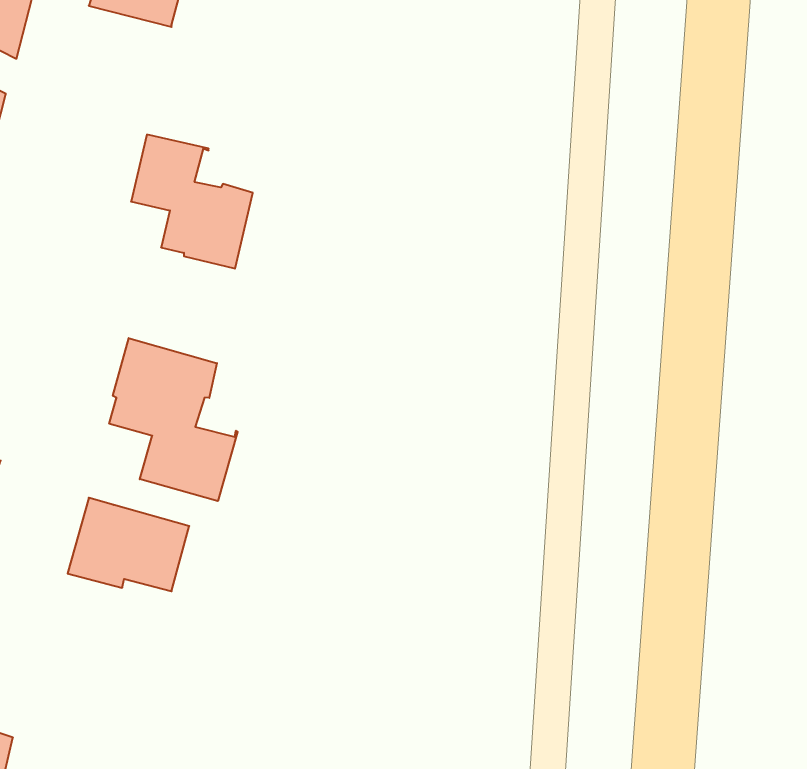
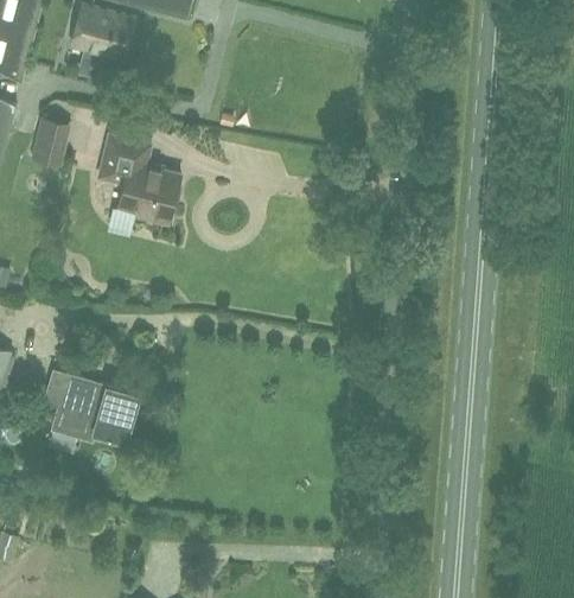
building: none -> [28,116,64,163]
building: [109,338,238,501] -> none

